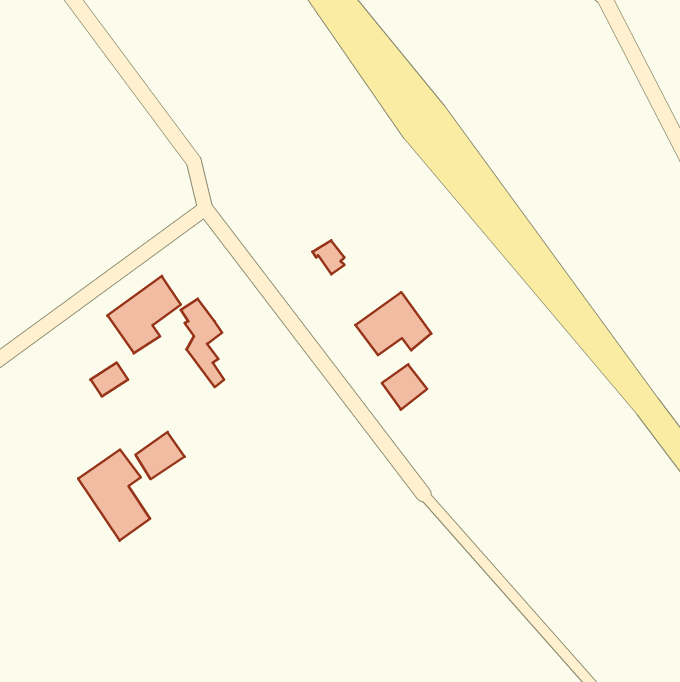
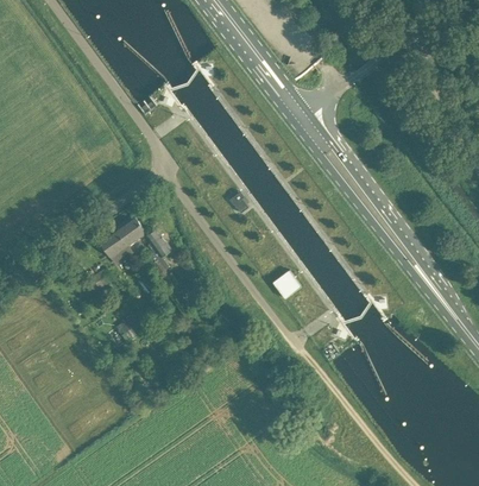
building: [355,292,431,355] -> none
building: [78,450,150,541] -> none

